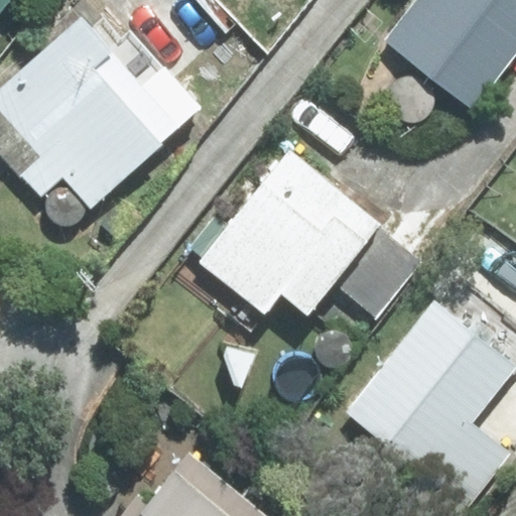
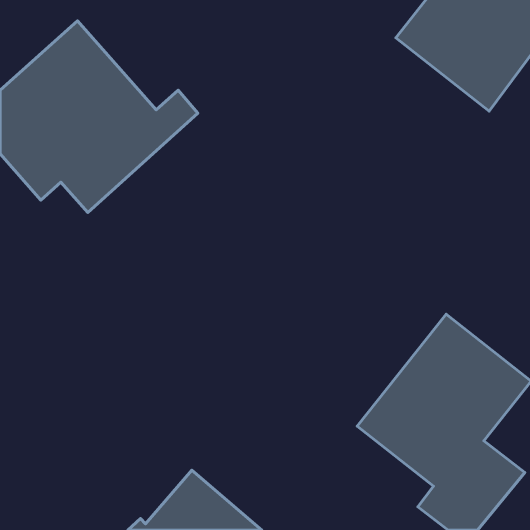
building: [203,154,378,315] -> none

